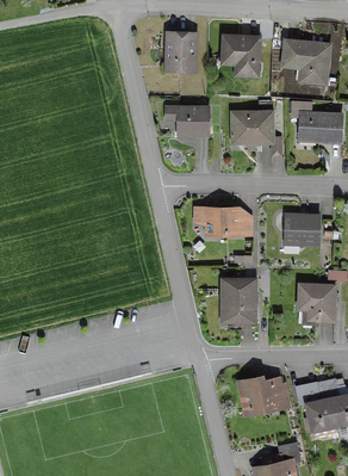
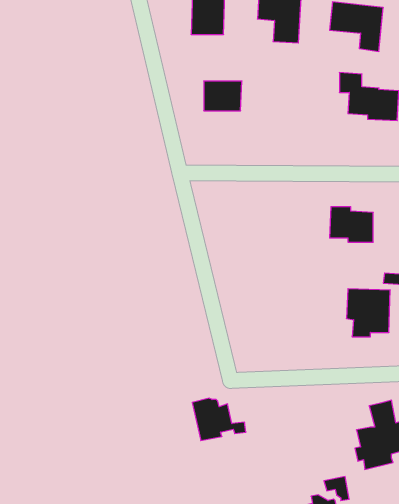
building: [232,112,281,154] -> none
building: [207,209,251,235] -> none
building: [224,280,257,320] -> none
building: [243,377,288,413] -> [192,398,246,441]

